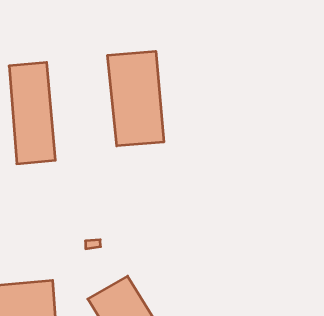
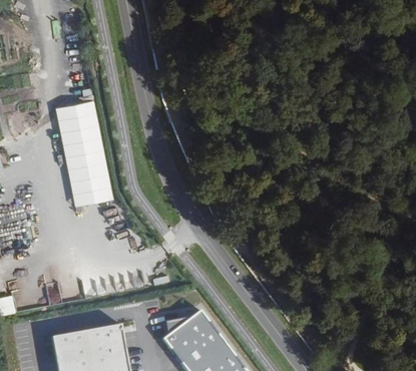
building: [108,51,164,146] -> none

